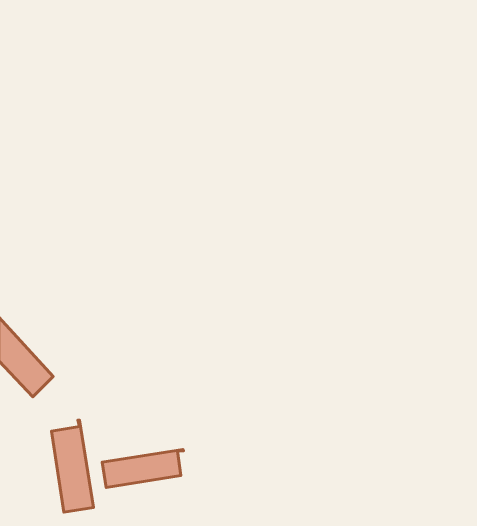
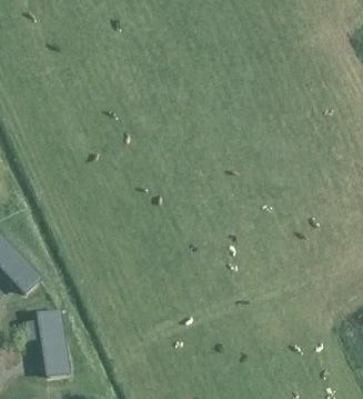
building: [102,450,183,487] -> none

